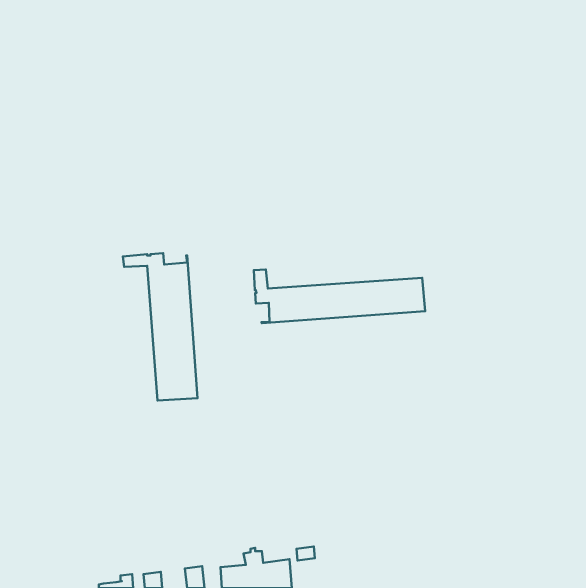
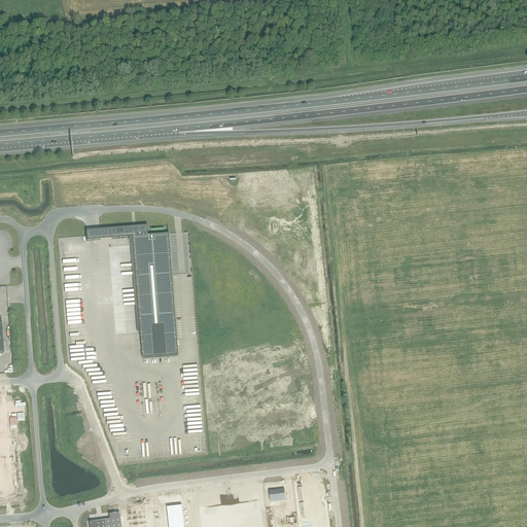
building: [254,270,425,323] -> none

